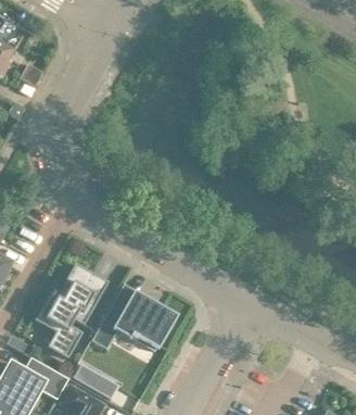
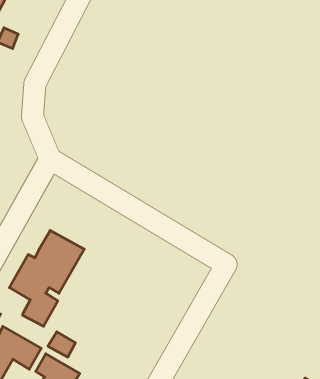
building: [93,286,175,353] -> none

